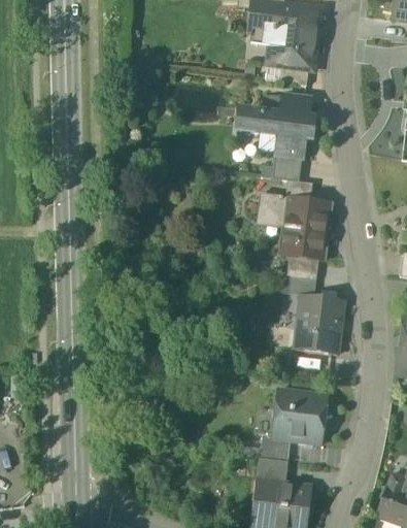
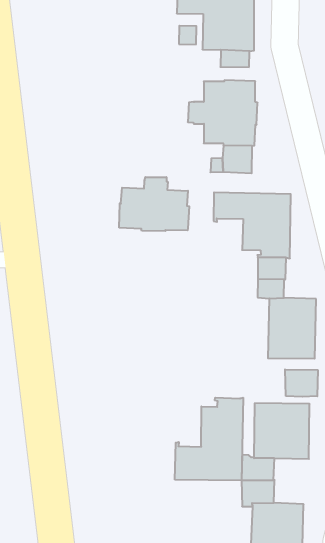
building: none -> [119,177,189,231]
building: none -> [285,369,318,397]
building: none -> [175,398,243,481]

